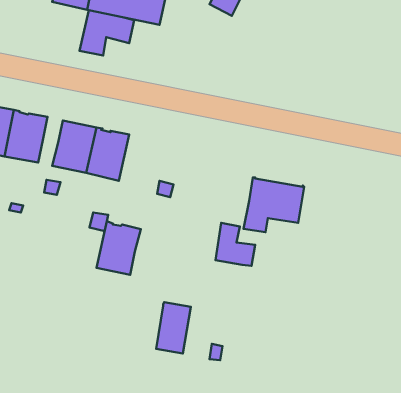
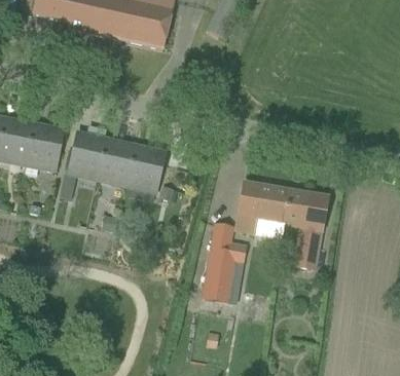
building: [79,10,134,55] -> none
building: none -> [284,190,326,267]
building: [96,221,141,275] -> [125,144,165,191]
building: [156,302,191,353] -> [204,255,234,300]

